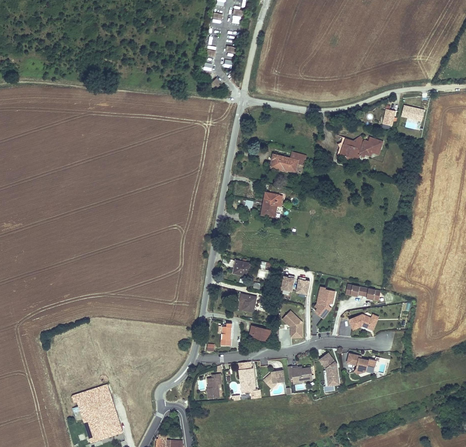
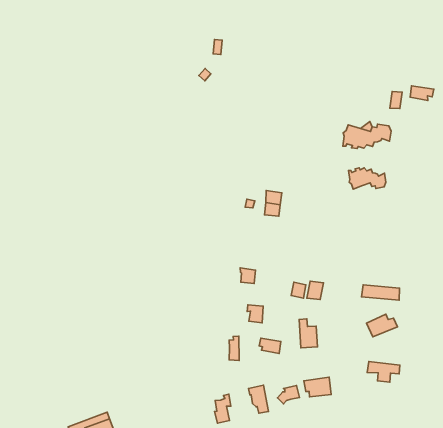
building: [271,153,305,171] -> none
building: none -> [348,168,386,189]
building: [313,286,334,317] -> none
building: [321,353,338,386] -> none

